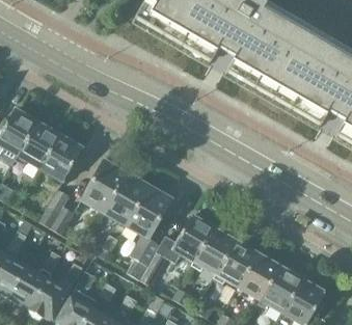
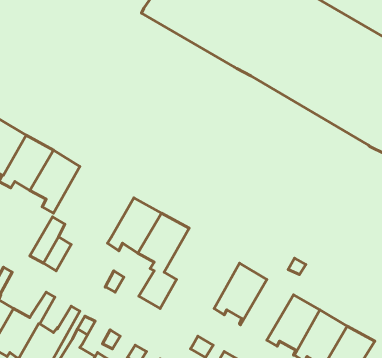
building: [81,160,126,206] -> none
building: [139,215,213,286] -> none
building: [214,241,258,291] -> none

